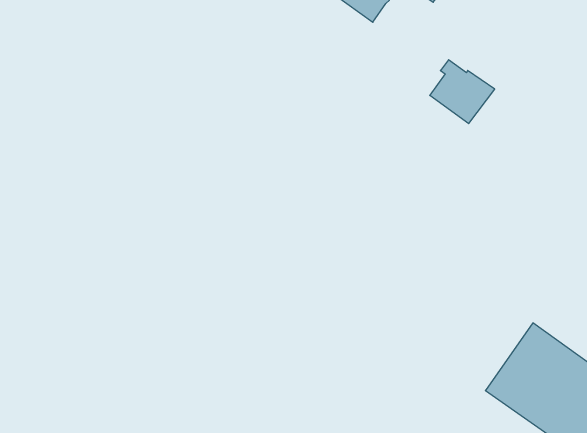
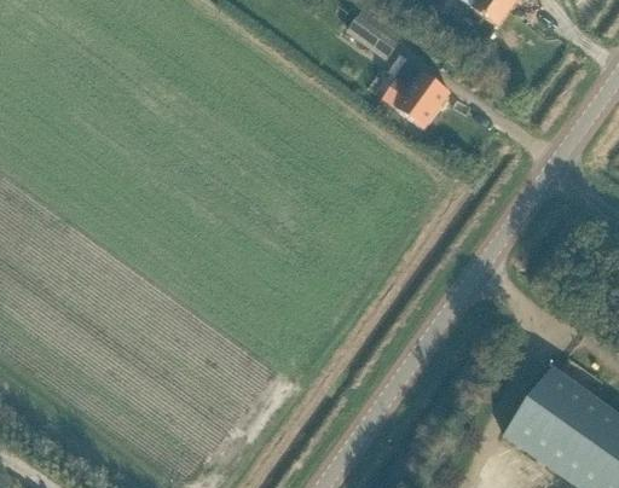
building: [430,60,495,124] -> [384,62,451,127]

